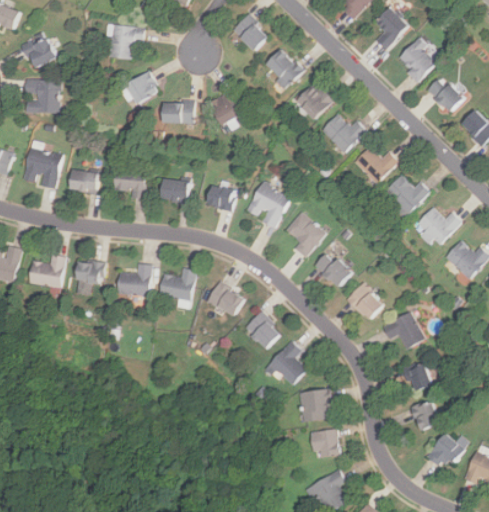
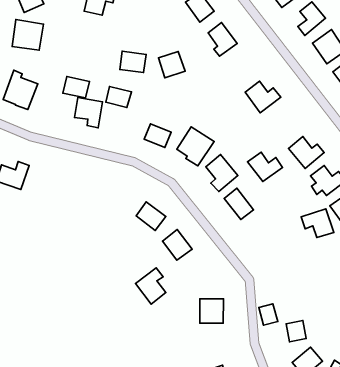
building: [124,70,160,105] -> none
building: [295,81,333,120] -> none
building: [354,147,398,183] -> [248,152,282,182]
building: [68,170,99,193] -> [63,77,90,98]
building: [159,179,189,202] -> [106,87,132,108]
building: [75,260,105,295] -> none
building: [118,263,152,296] -> none
building: [159,268,196,301] -> none
building: [345,283,384,322] -> none
building: [382,312,425,349] -> [301,209,334,238]
building: [268,341,307,387] -> [135,268,166,304]
building: [406,364,432,392] -> [259,304,278,325]
building: [311,430,339,459] -> none

